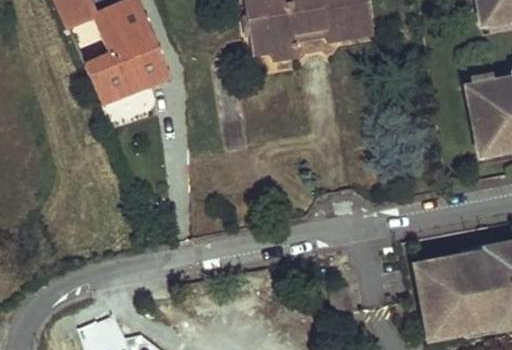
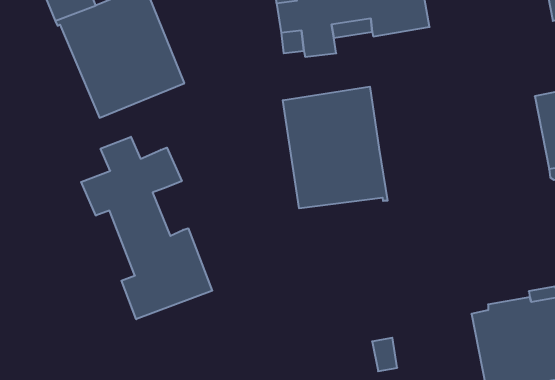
building: none -> [283,87,388,208]
building: none -> [81,137,212,319]

